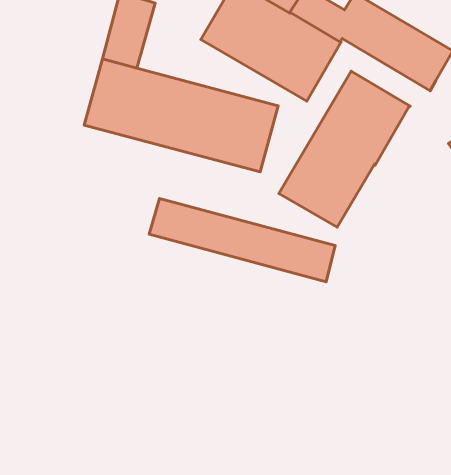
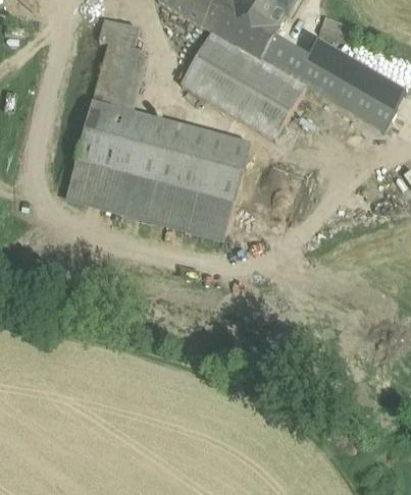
building: [279,71,410,227] -> none
building: [149,199,335,282] -> [66,160,233,234]

